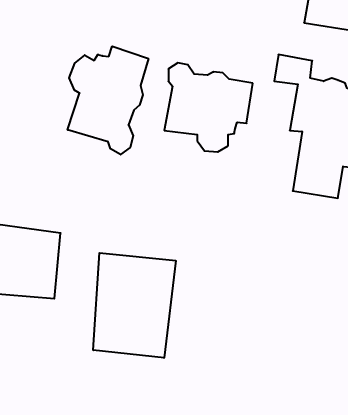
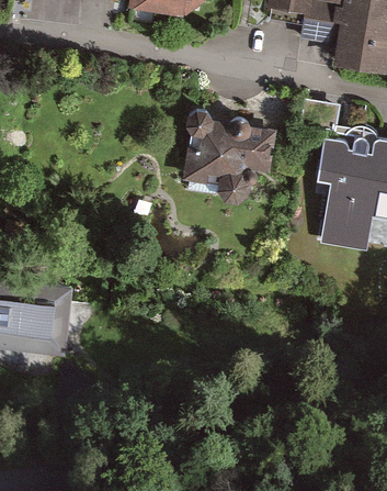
building: [68,46,148,155] -> none
building: [93,253,176,358] -> none

